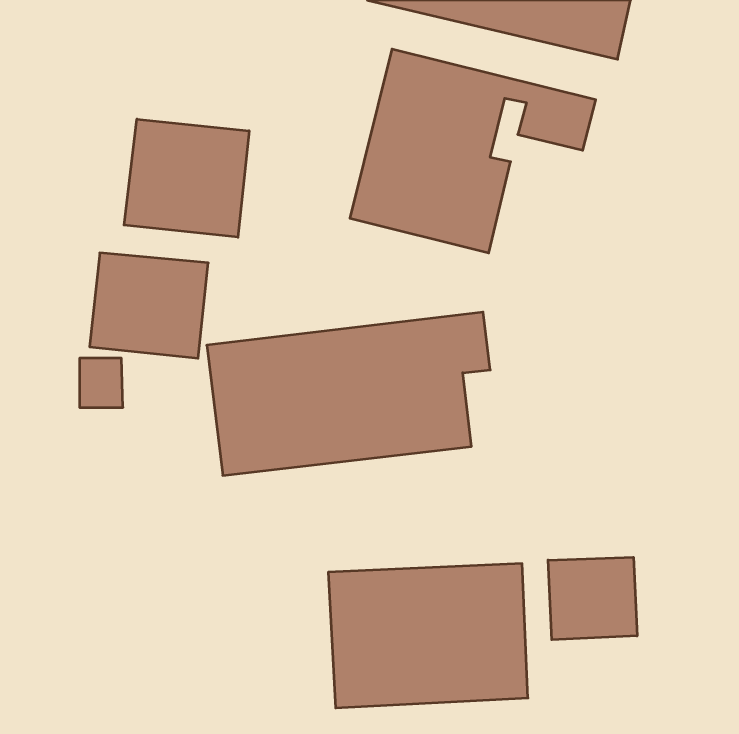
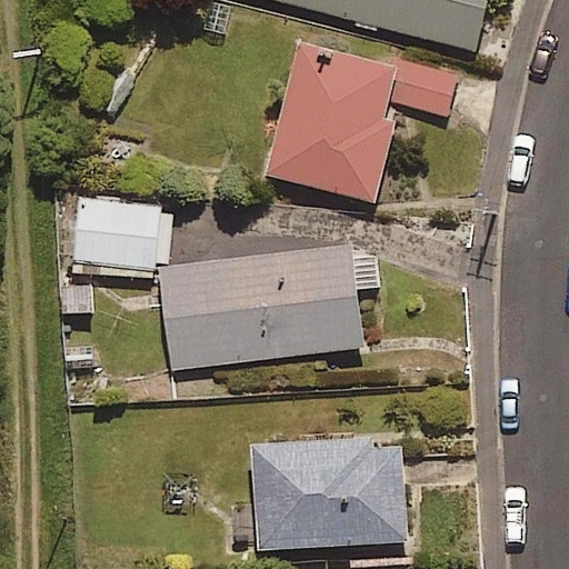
building: [124,119,249,237] -> none
building: [548,557,637,640] -> none

